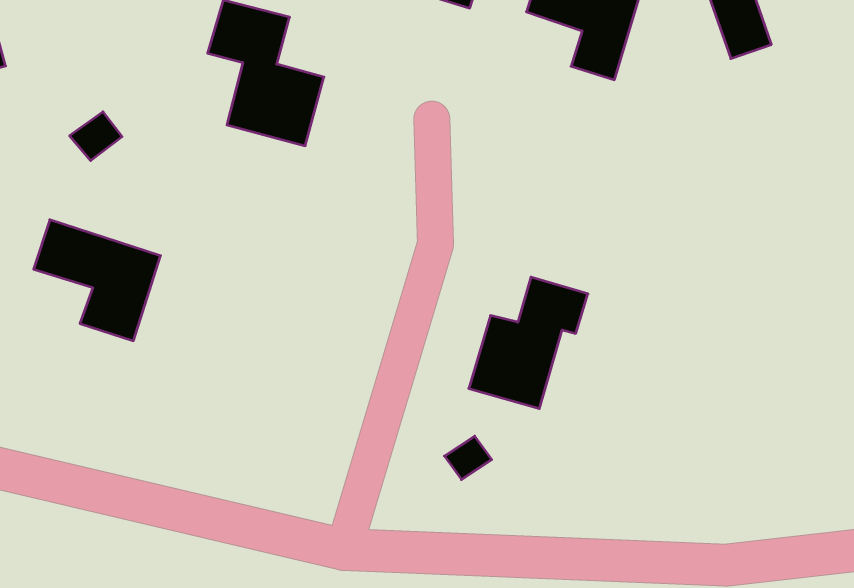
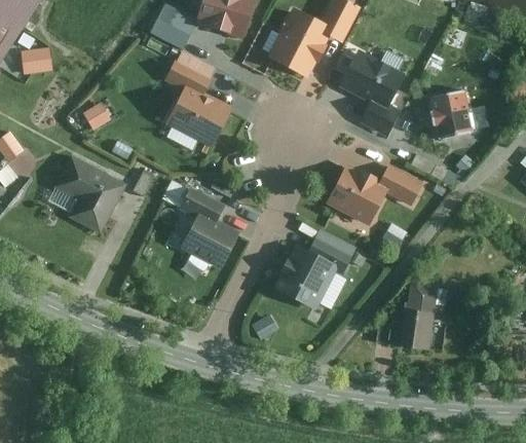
building: none -> [330,168,418,221]
building: none -> [177,191,233,266]
building: none -> [394,285,438,346]

